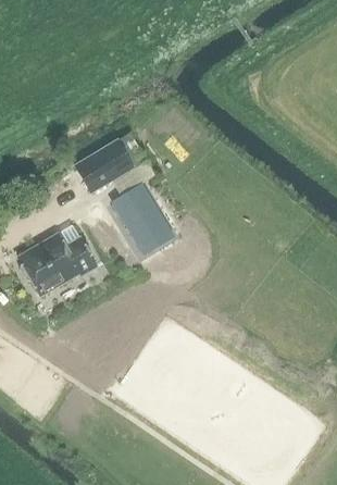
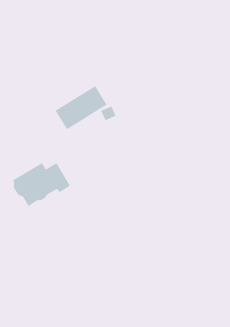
building: [112,183,171,253] -> none

